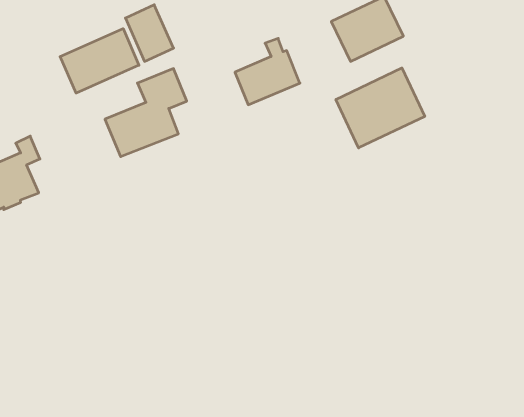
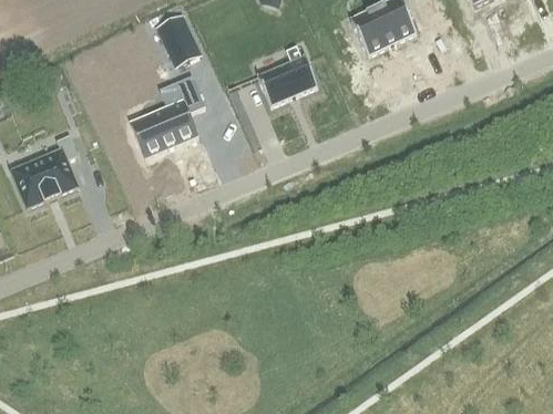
building: [60,29,139,93] -> none
building: [336,68,425,148] -> none

